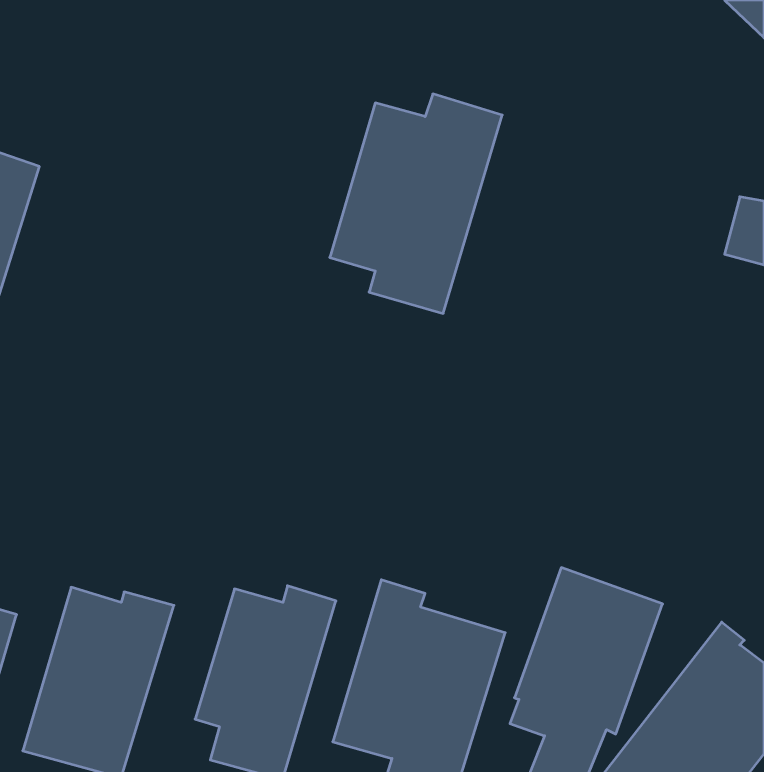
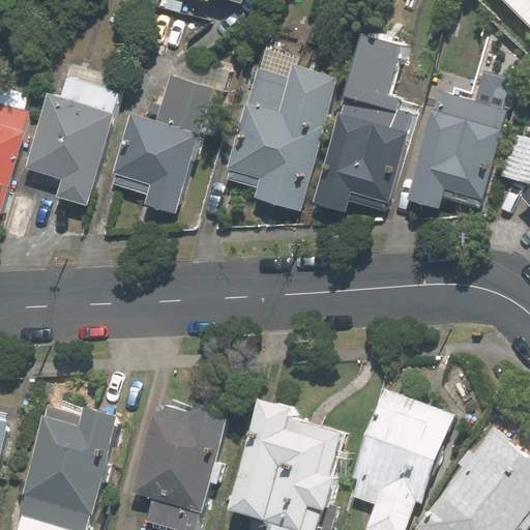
building: none -> [316,32,417,212]
building: none -> [400,72,504,209]
building: none -> [109,77,211,215]
building: none -> [25,78,120,205]

